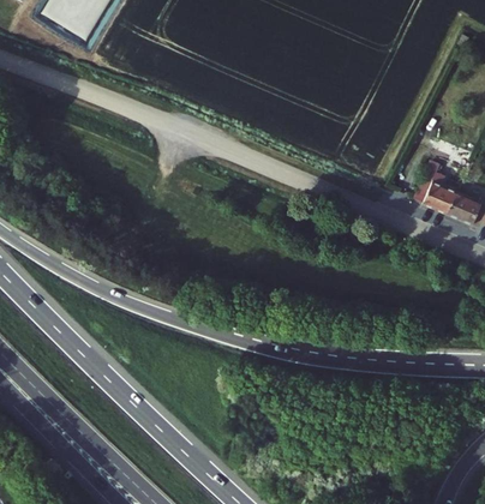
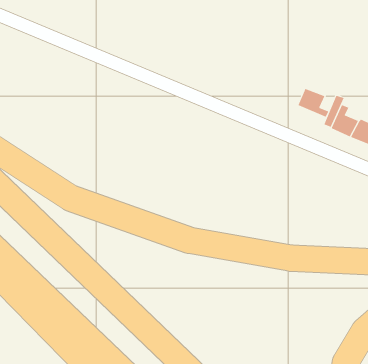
building: none -> [298,88,329,117]

